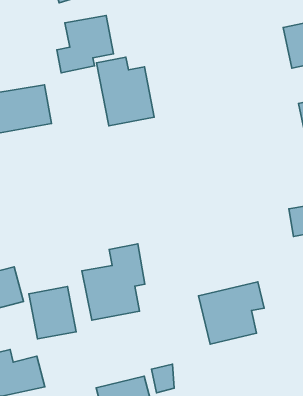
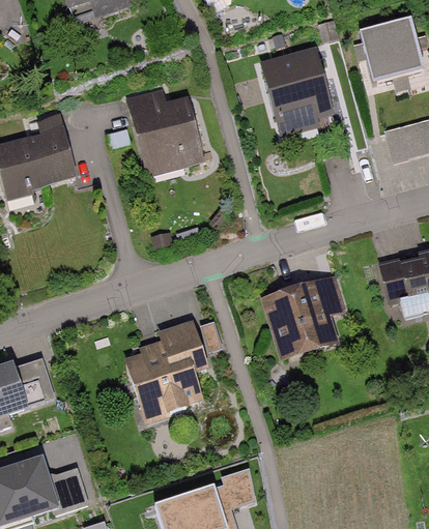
building: [57,15,114,73] -> none
building: none -> [260,48,335,133]
building: [199,282,264,344] -> [263,274,346,356]
building: [29,287,76,339] -> none

